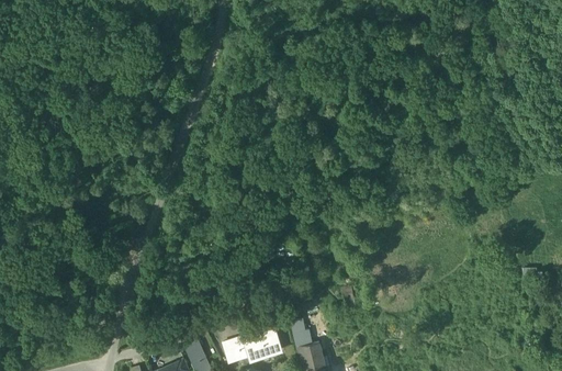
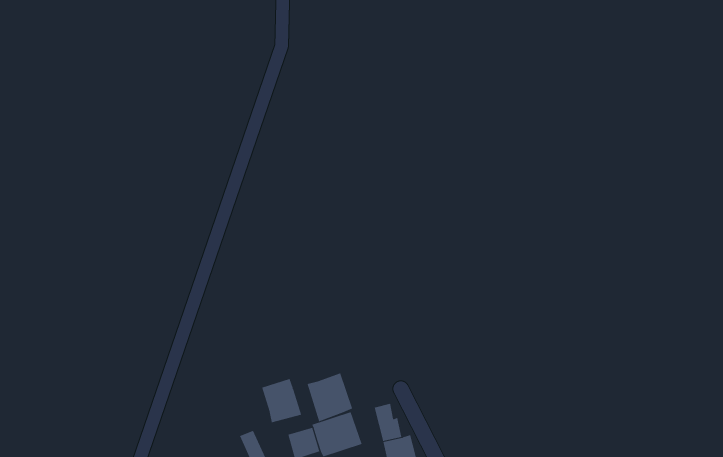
building: none -> [307,373,353,422]
building: none -> [261,378,302,423]

